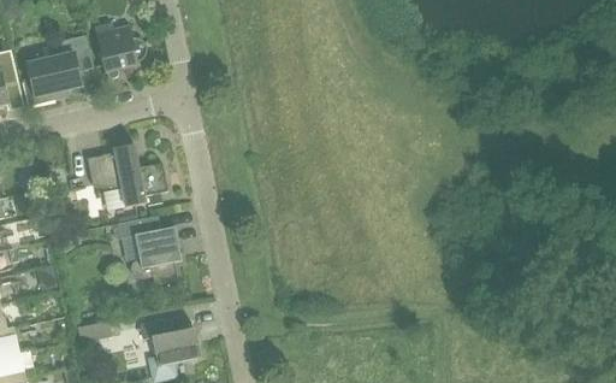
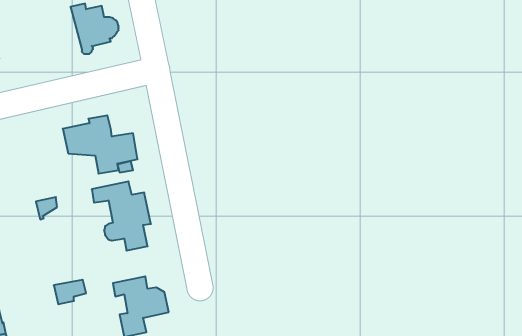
building: [24,35,91,102] -> none

